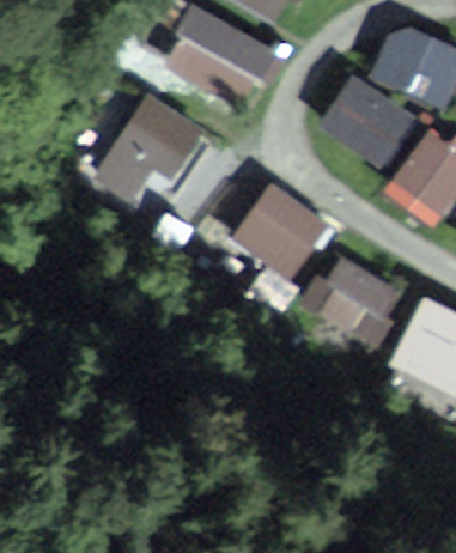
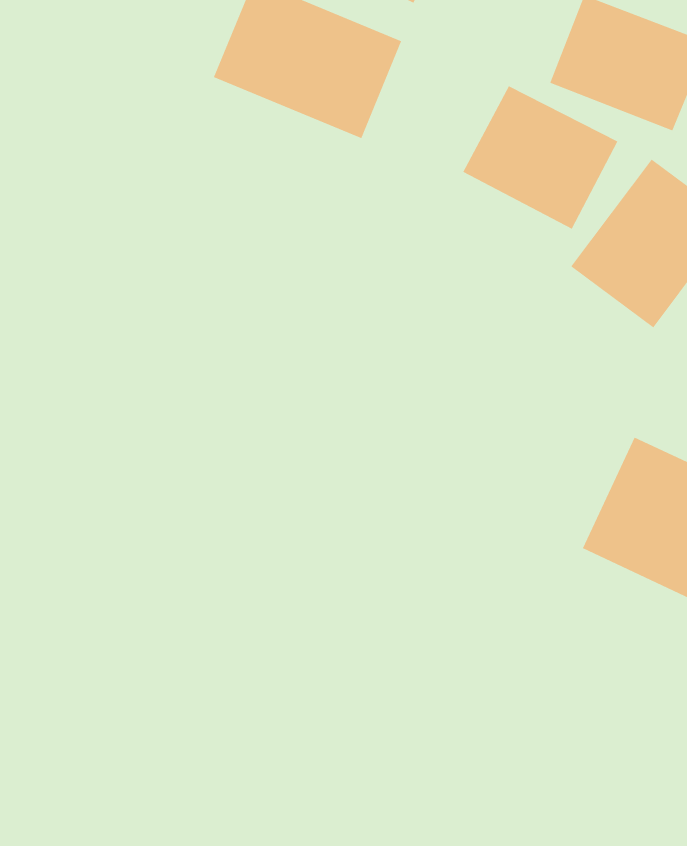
building: [115,97,212,186] -> none
building: [229,183,328,280] -> none
building: [299,255,407,354] -> none

